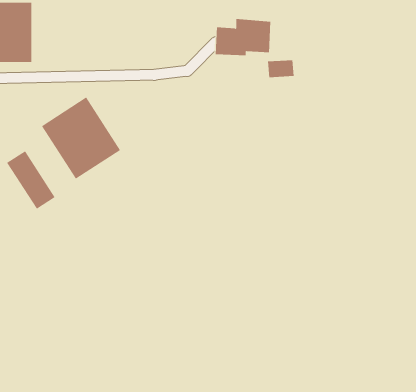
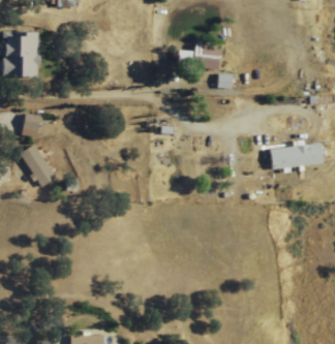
building: [41,97,121,179] -> none
building: none -> [271,143,324,169]

